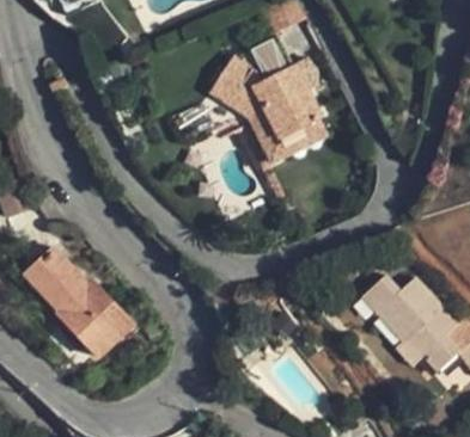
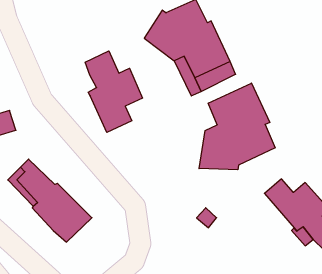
building: none -> [85,51,142,132]
building: none -> [199,83,275,170]

